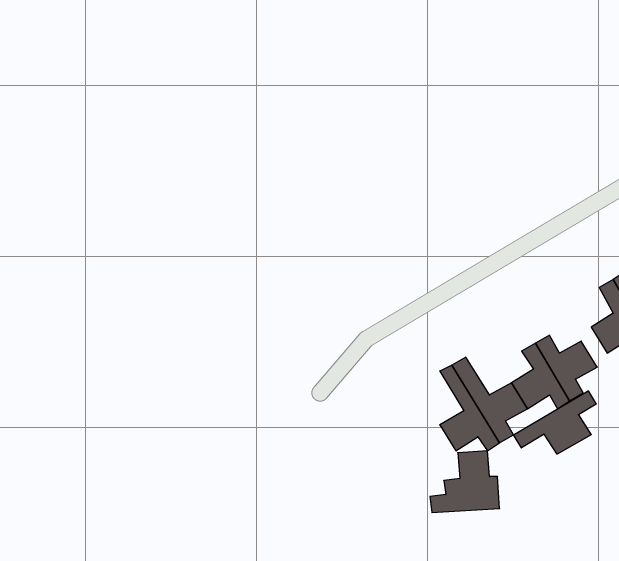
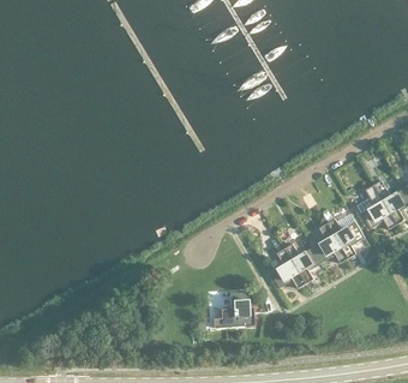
building: [514,391,596,454] -> none
building: [430,451,500,513] -> [211,289,253,327]

